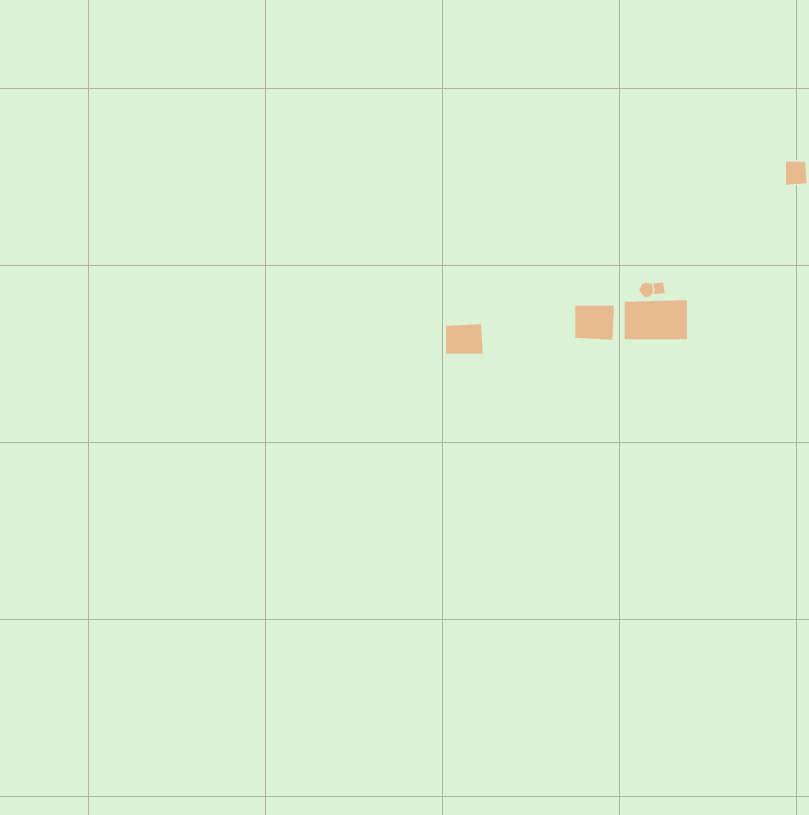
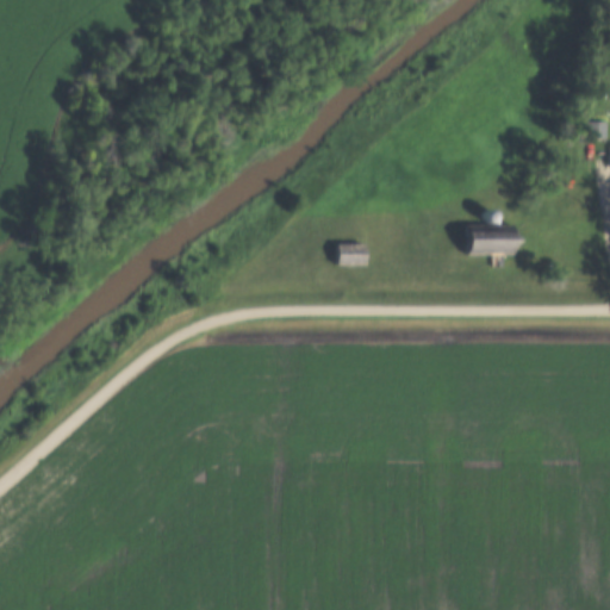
building: [575,305,614,340] -> none

